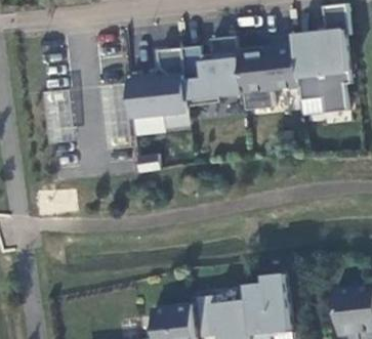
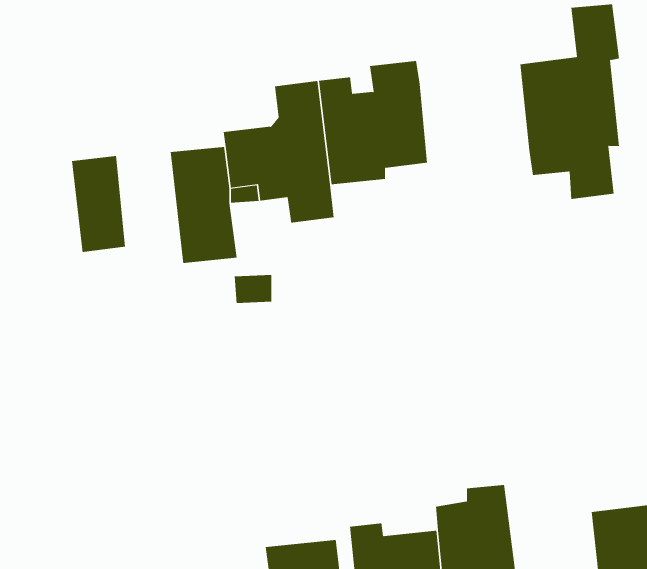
building: [238,35,298,111] -> none

